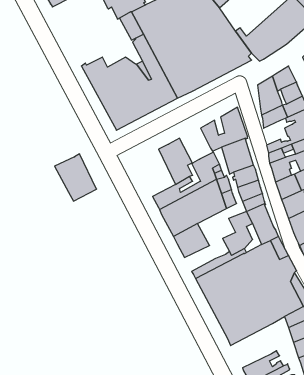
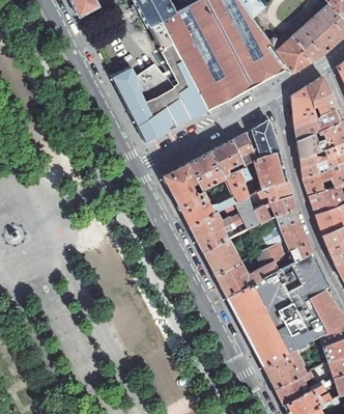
building: none -> [297,133,322,159]
building: none -> [210,141,242,177]
building: [55,154,97,201] -> [163,163,206,212]
building: none -> [216,255,262,289]
building: none -> [263,343,309,389]

